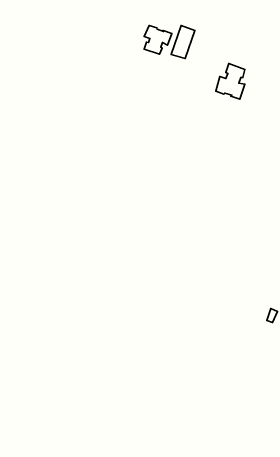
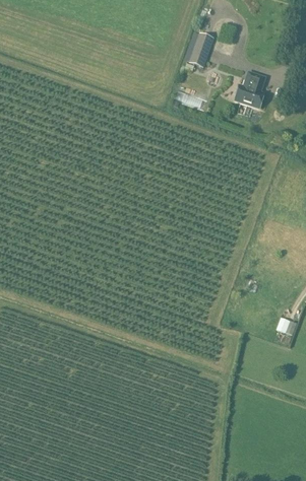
building: [144,25,172,54] -> none

